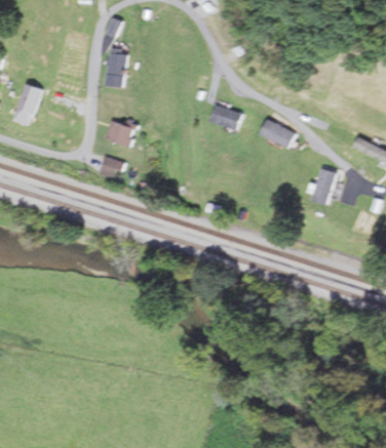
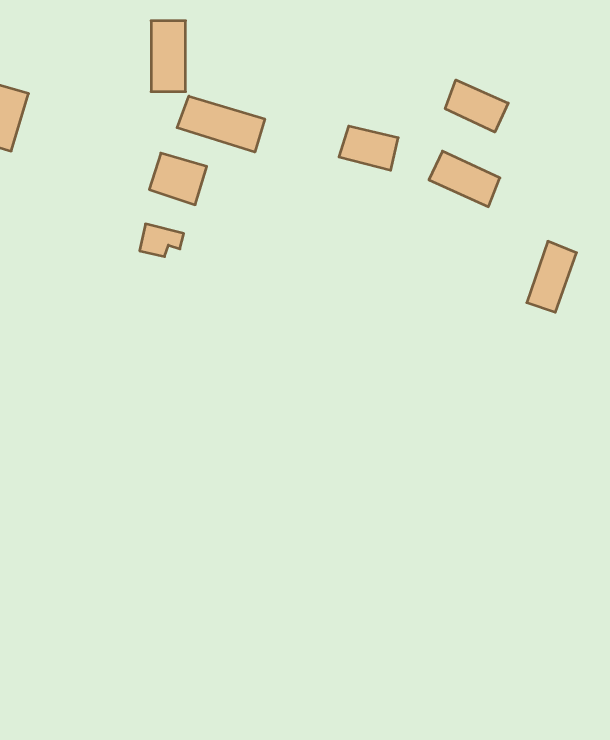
building: none -> [445,80,508,132]
building: none -> [177,96,265,152]

